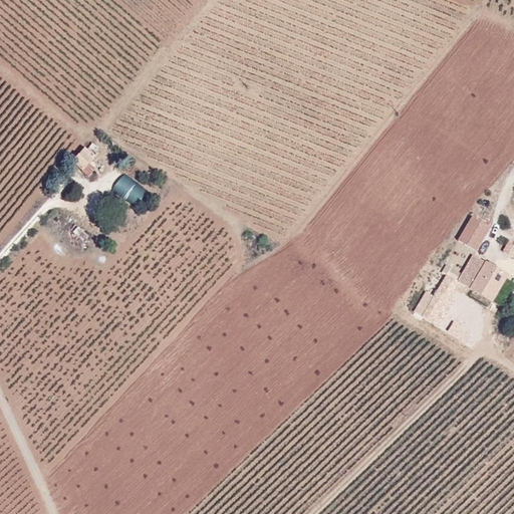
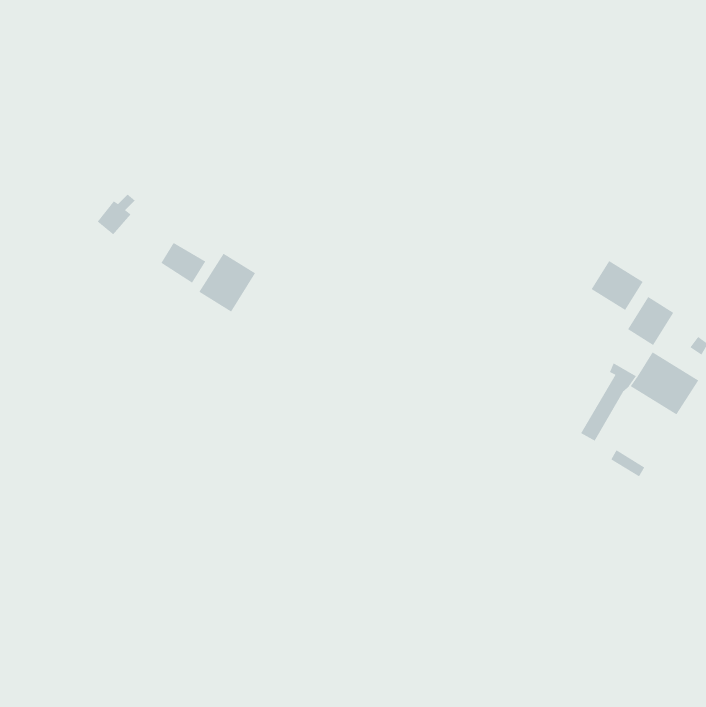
building: none -> [199,253,256,312]
building: none -> [591,260,644,311]

